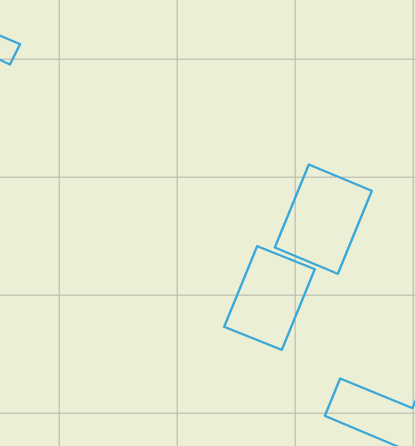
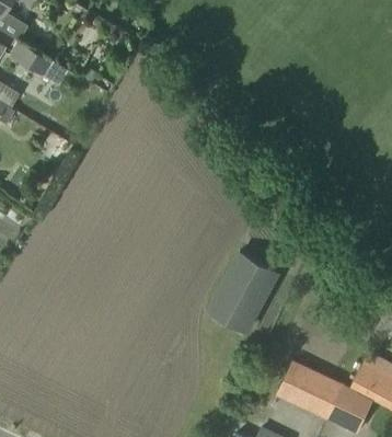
building: [275,165,372,274] -> none

